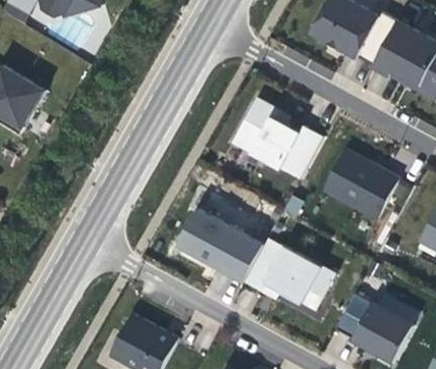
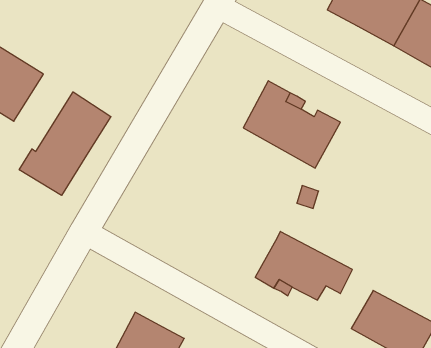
building: none -> [19,92,111,195]
building: [323,150,398,218] -> none
building: [177,209,264,281] -> none

